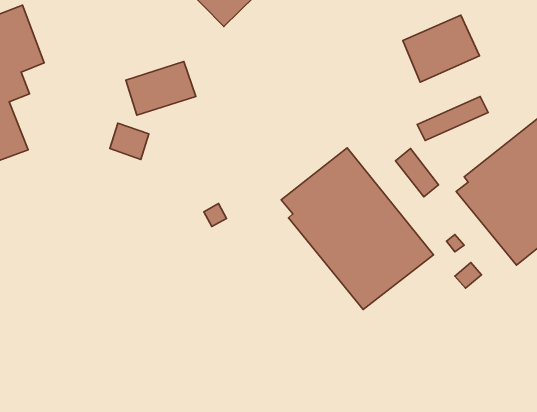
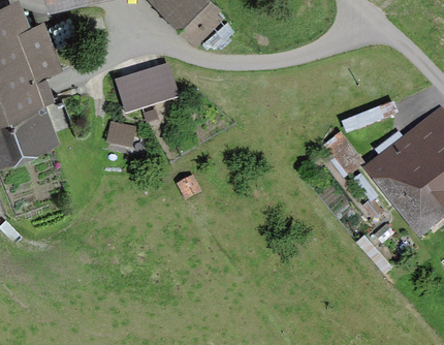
building: [403,15,479,82] -> none
building: [281,148,433,309] -> none

